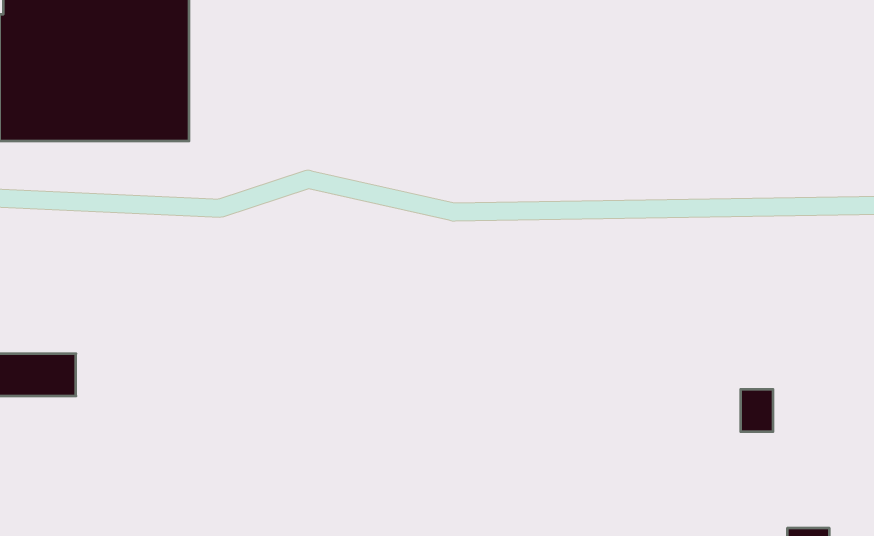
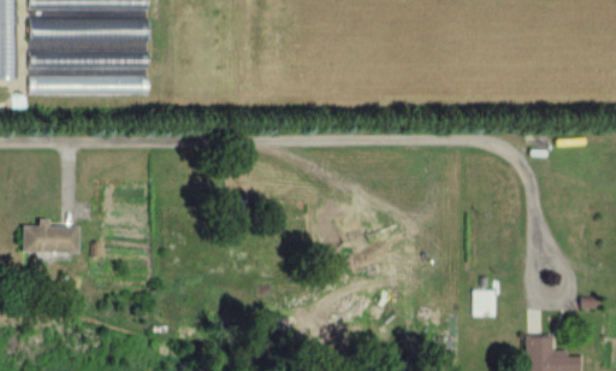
building: [741,389,773,432] -> [474,289,494,316]

